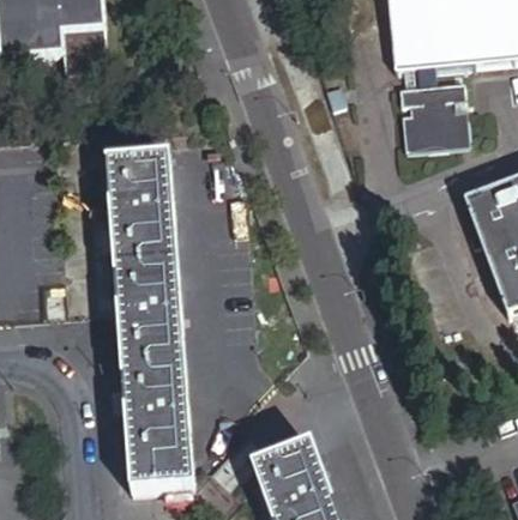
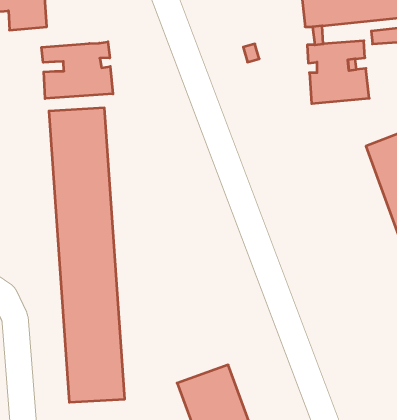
building: none -> [42,42,113,99]

